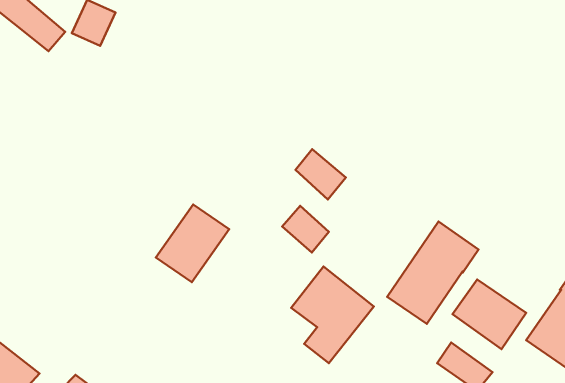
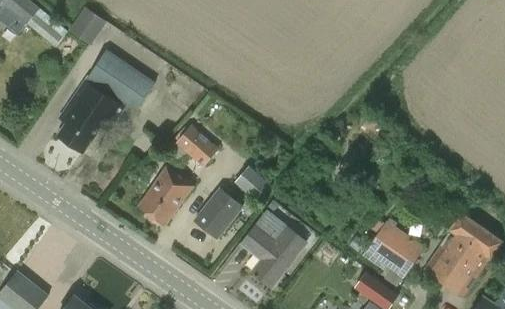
building: none -> [57,51,155,152]
building: [296,149,346,200] -> [178,127,217,166]
building: [387,221,478,324] -> none
building: none -> [193,189,242,239]

